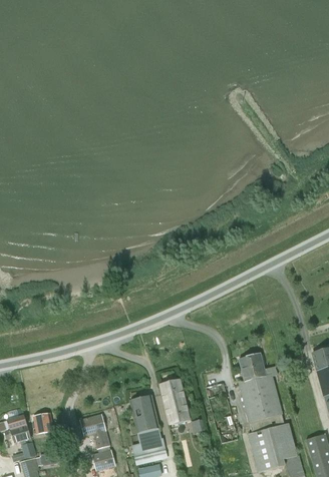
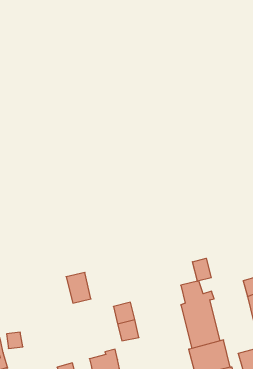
building: none -> [192,258,211,281]
building: [129,396,158,432] -> [66,272,91,303]
building: [80,415,110,453] -> none

